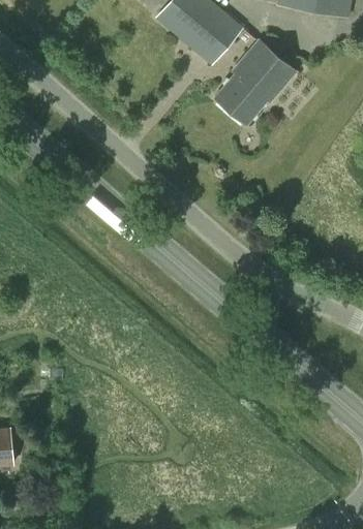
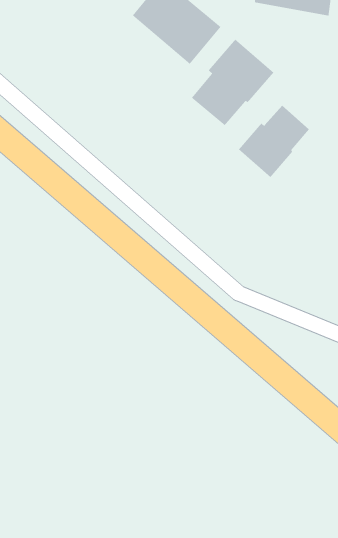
building: none -> [238,105,310,178]

